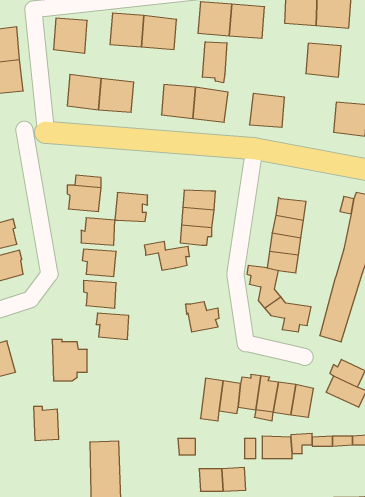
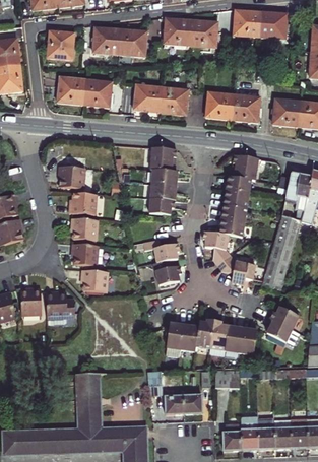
building: [202,42,227,83] -> none
building: [306,43,341,77] -> [232,94,260,122]
building: none -> [231,154,258,180]
building: [115,193,148,221] -> [150,147,177,171]
building: [144,241,190,270] -> [143,239,180,262]
building: [34,407,59,441] -> [20,287,41,315]

